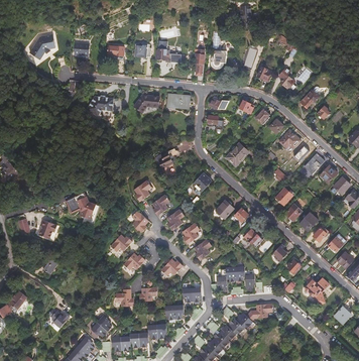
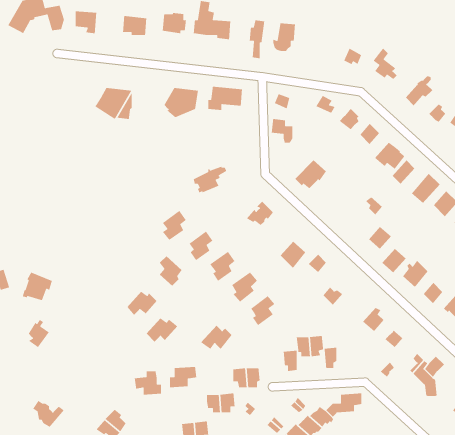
building: [63,193,92,218] -> none

